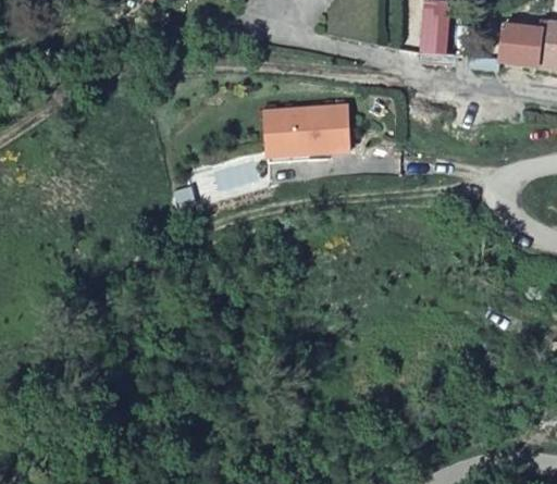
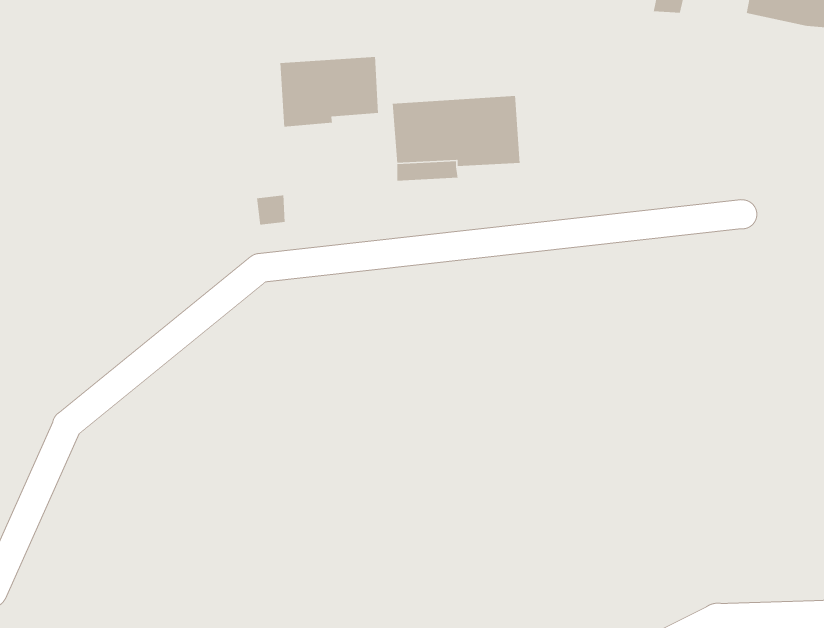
building: none -> [280,56,379,127]

